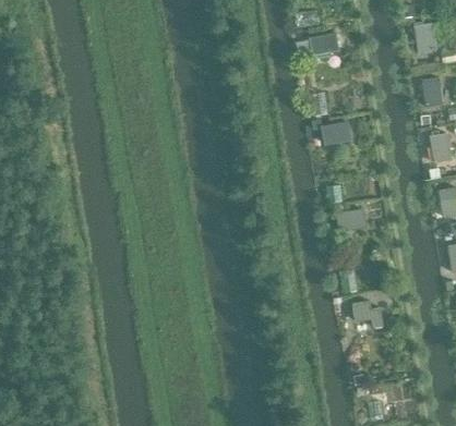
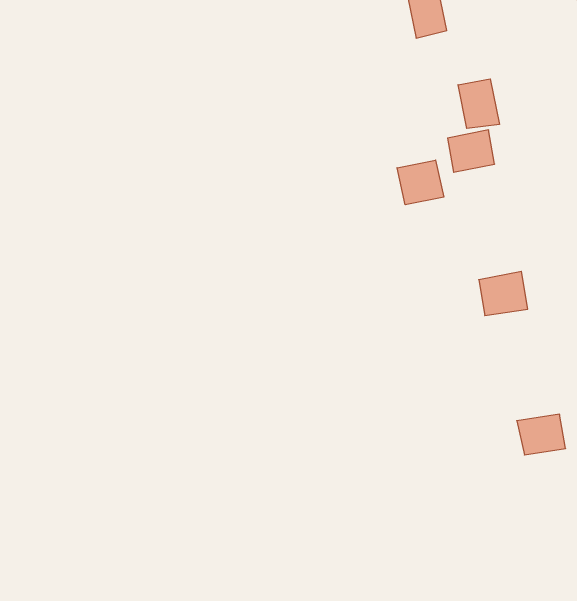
building: none -> [458,79,499,128]
building: none -> [397,160,444,205]

